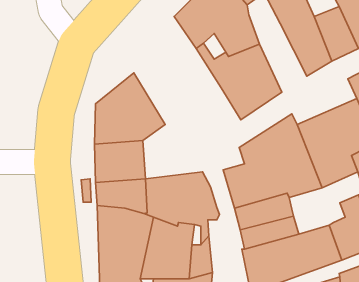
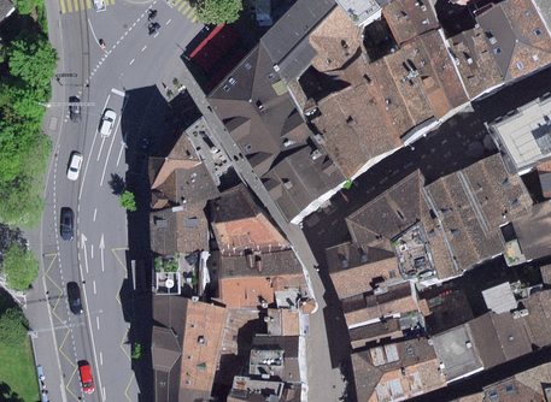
building: none -> [204,41,347,223]
building: none -> [368,51,436,143]
building: none -> [215,187,295,260]
building: none -> [416,289,473,335]

